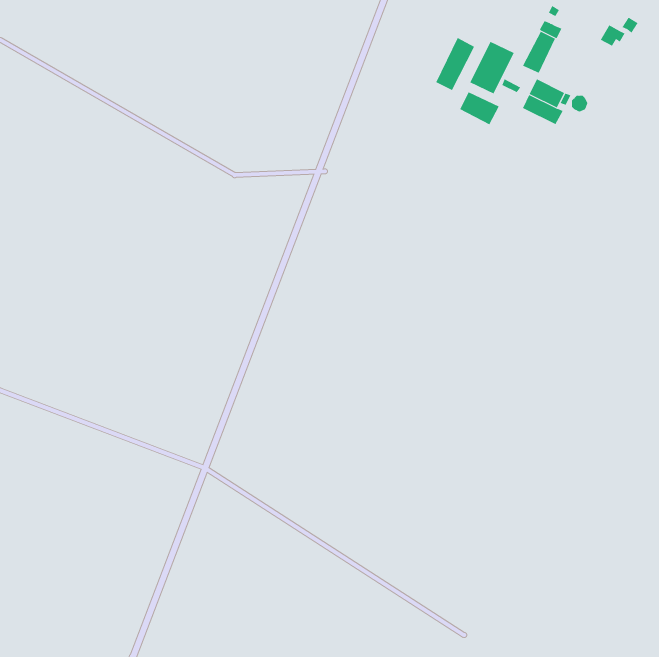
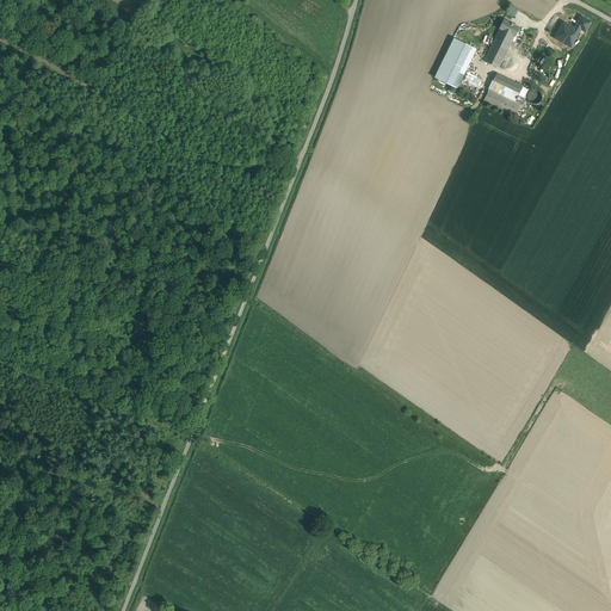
building: [436,37,475,91] -> none
building: [459,92,499,125] -> none

